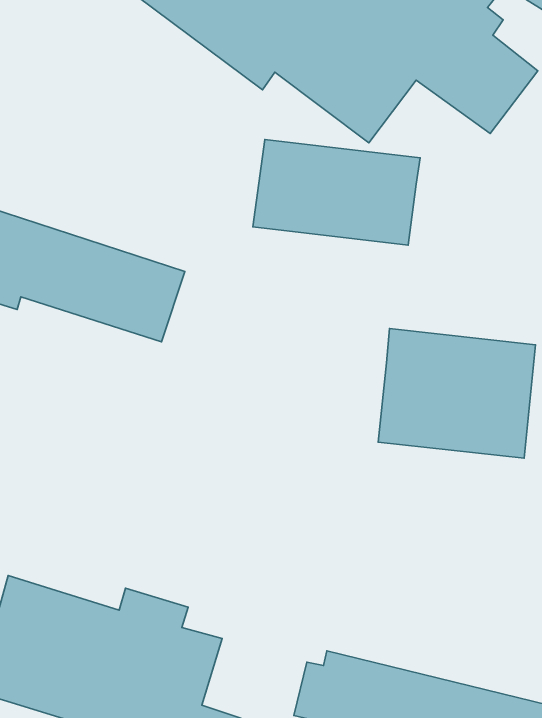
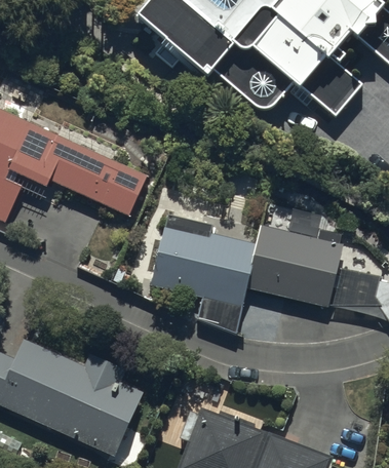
building: [253,139,420,245] -> none
building: none -> [149,212,257,334]

